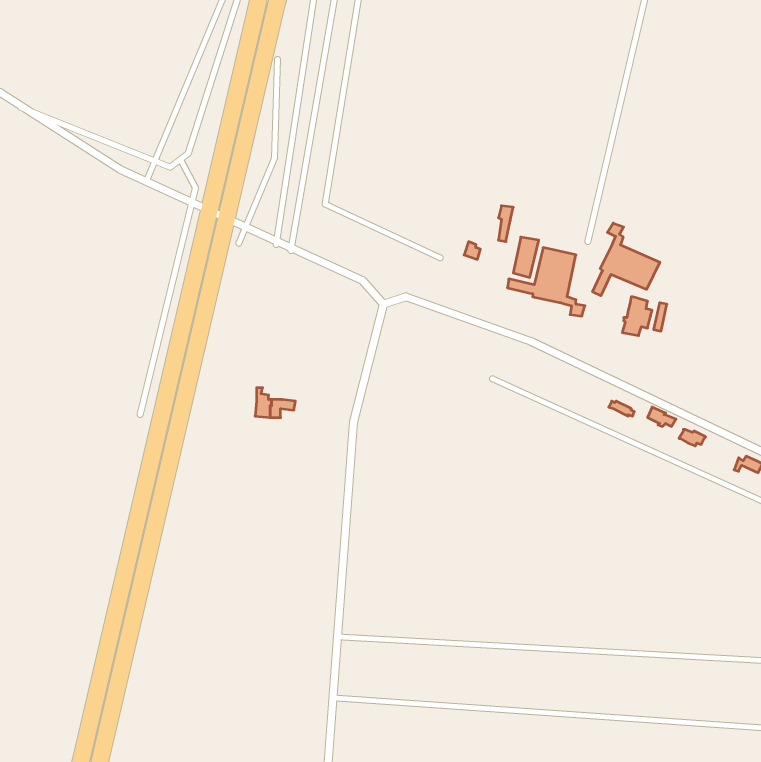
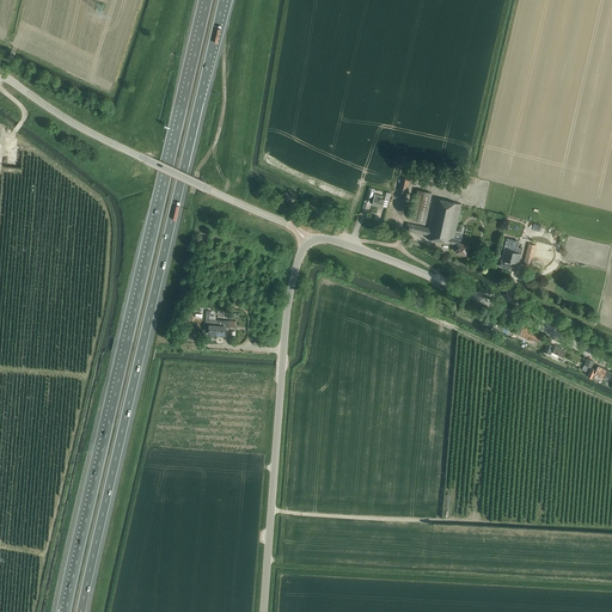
building: [593,223,660,296] -> none

